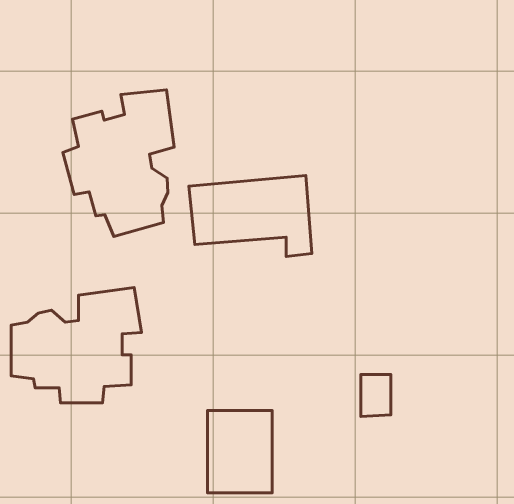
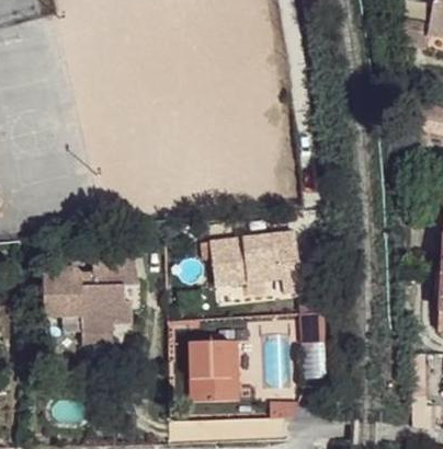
building: [63,90,174,236] -> none
building: [189,176,312,257] -> [211,233,300,292]

